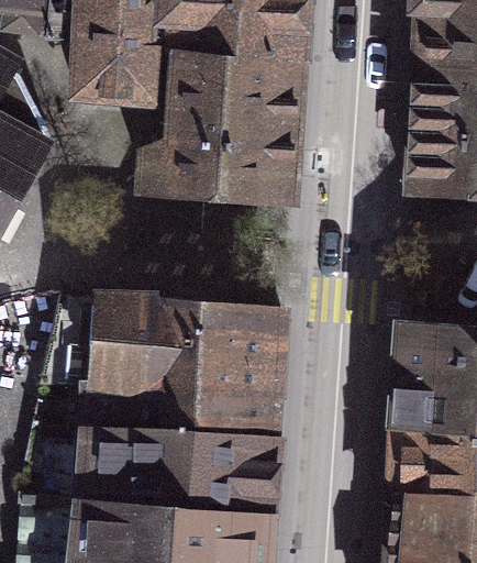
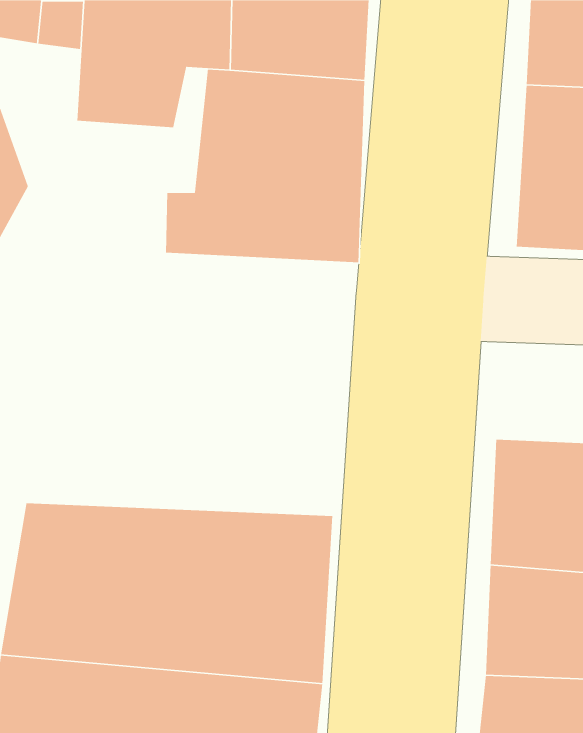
building: [44,301,284,391] -> none

